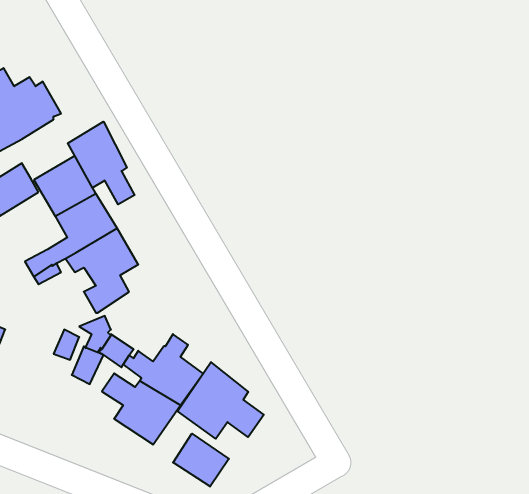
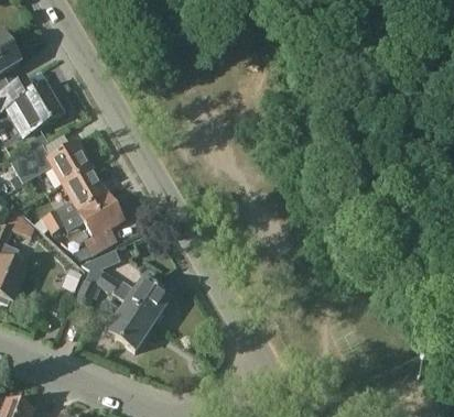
building: [68,122,135,204] -> none
building: [177,362,264,439] -> none
building: [173,434,229,487] -> none

